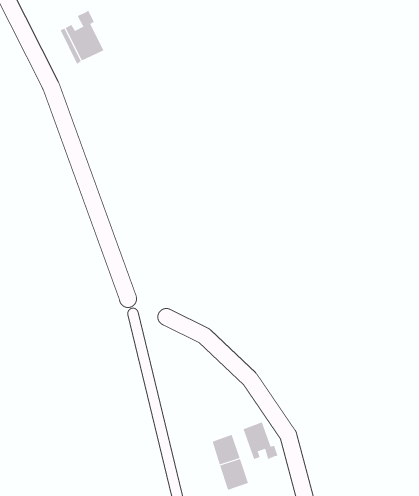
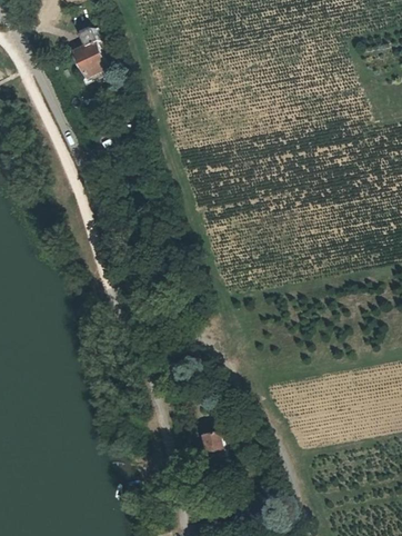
building: [243,422,278,460] -> none

